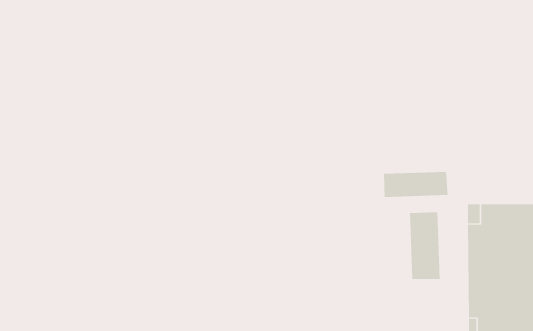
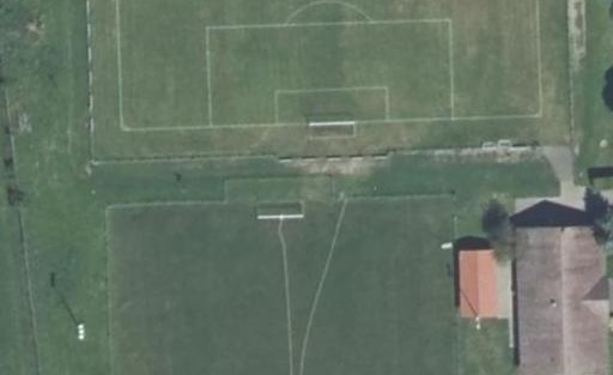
building: [384,171,448,198] -> none

